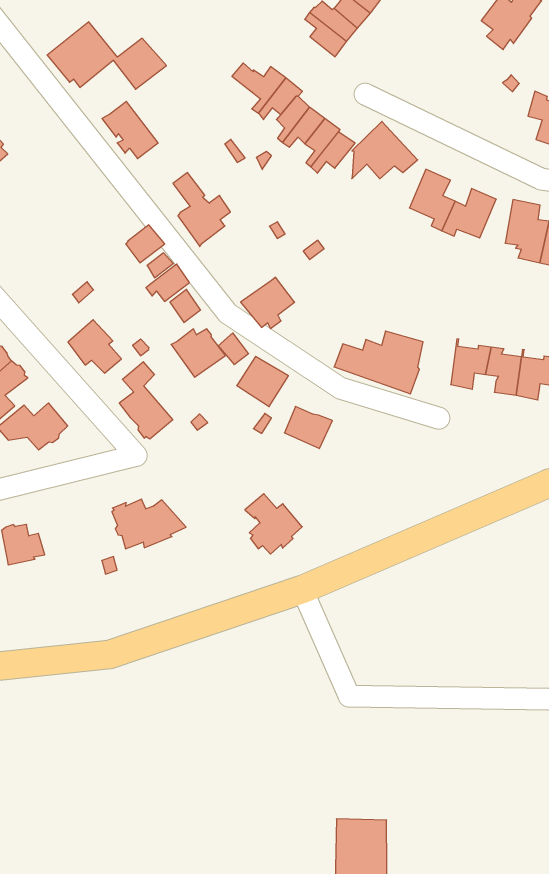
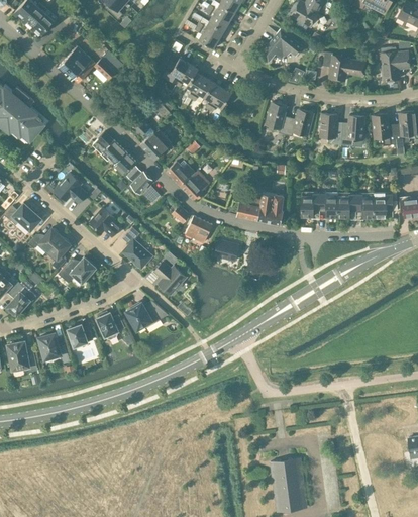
building: [102,101,158,159] -> [93,132,125,163]
building: [352,121,418,179] -> [267,29,303,63]
building: none -> [54,173,87,204]
building: [171,329,225,377] -> [166,161,196,188]
building: [245,494,302,554] -> [153,262,186,294]
building: none -> [96,312,124,339]

